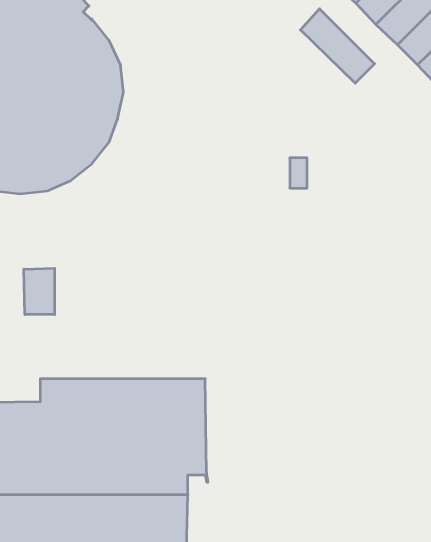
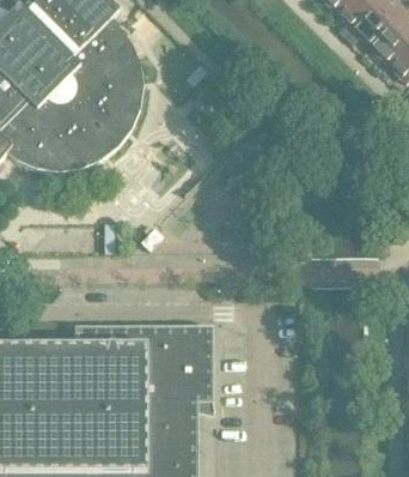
building: [300,9,375,83] -> none
building: [24,268,55,315] -> none

